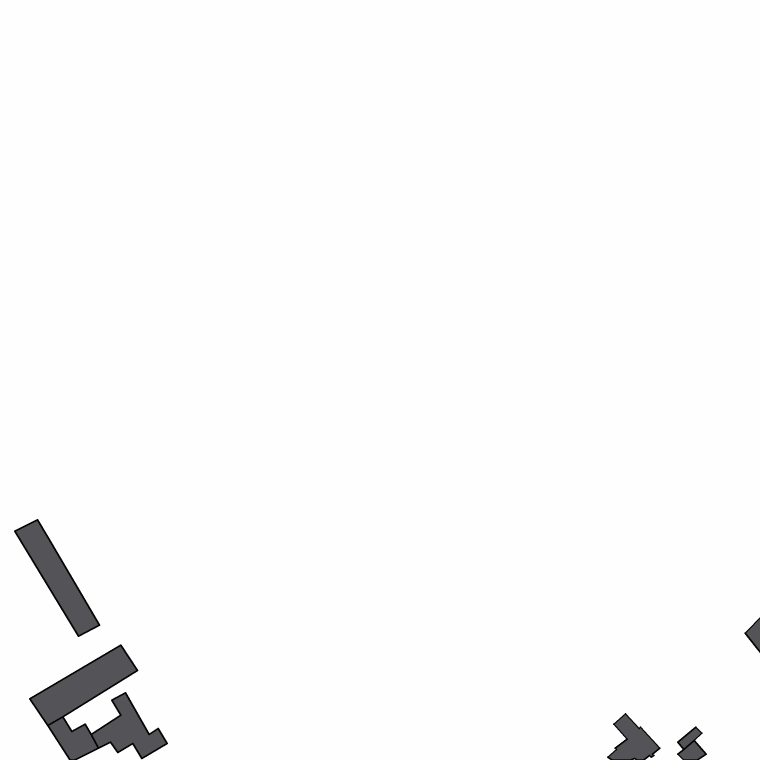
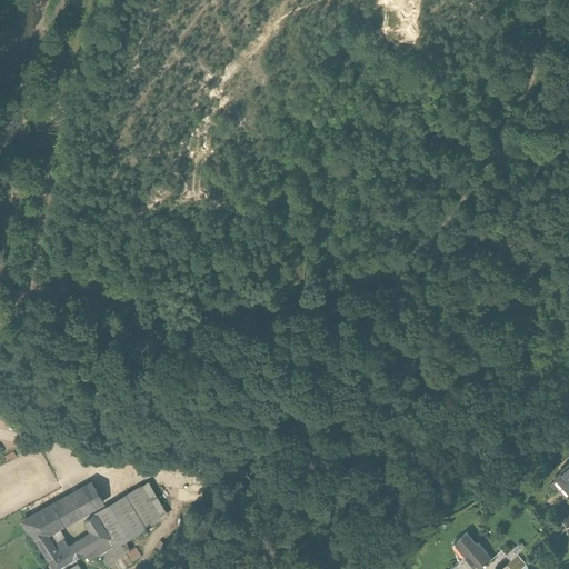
building: [15,520,100,636] -> none
building: none -> [96,490,158,547]

